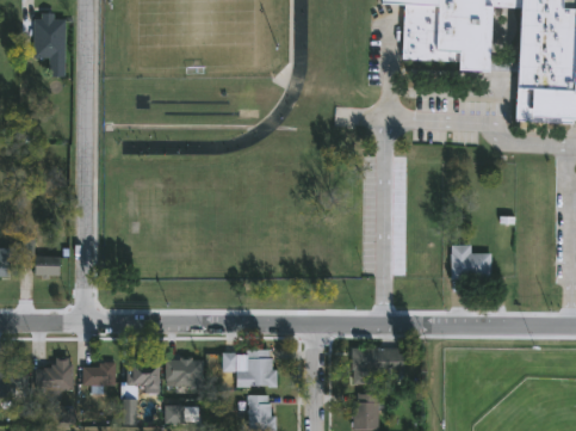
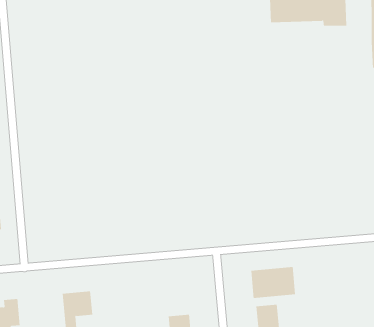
building: [453,246,493,281] -> none
building: [223,351,275,386] -> none
building: [167,358,204,386] -> none
building: [83,364,116,384] -> none

